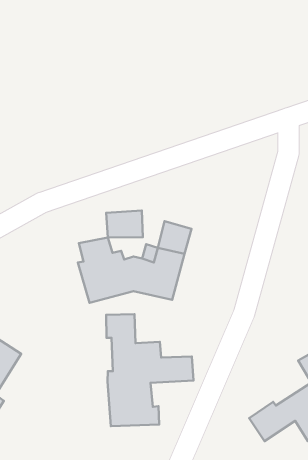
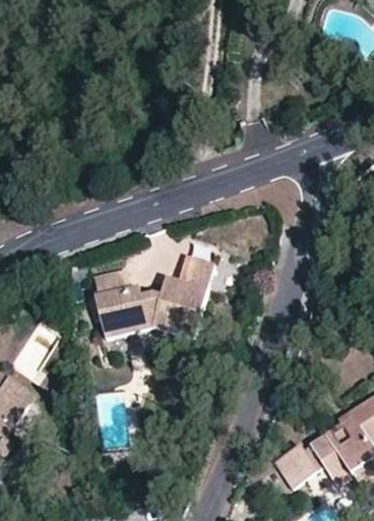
building: [106,211,143,237] -> none
building: [106,314,193,426] -> none

